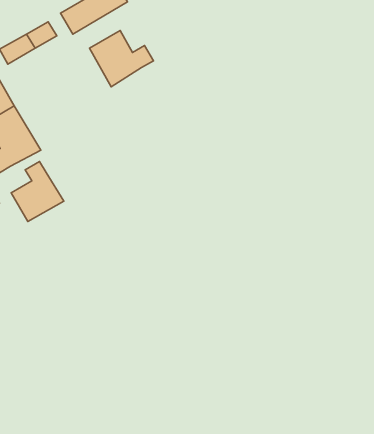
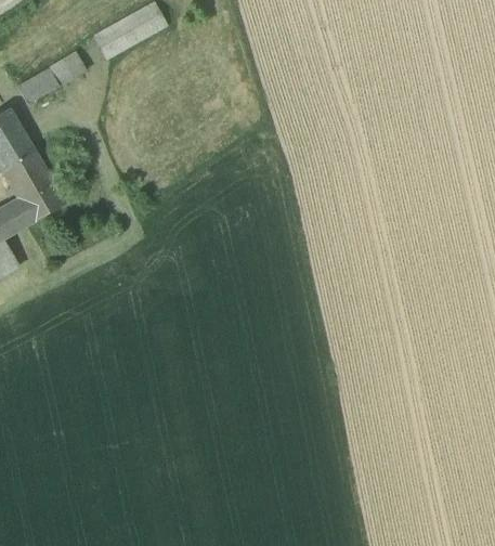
building: [89,30,154,87] -> none
building: [11,161,64,222] -> none

